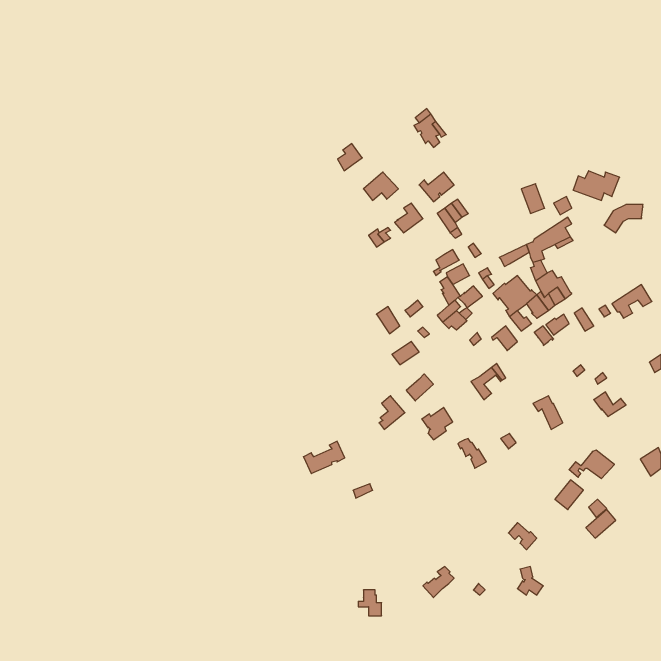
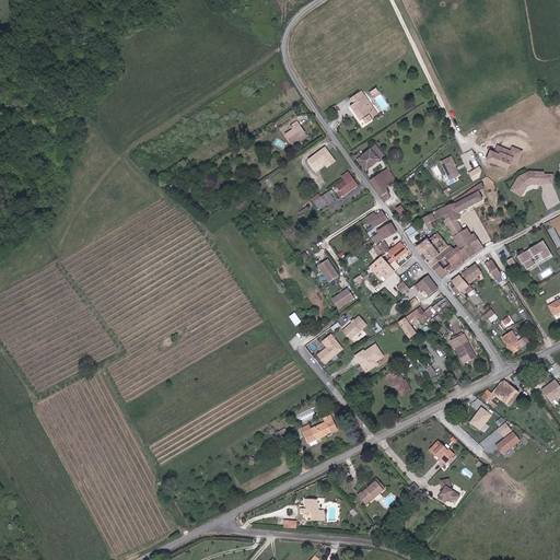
building: [303,441,345,474] -> [302,416,337,443]

